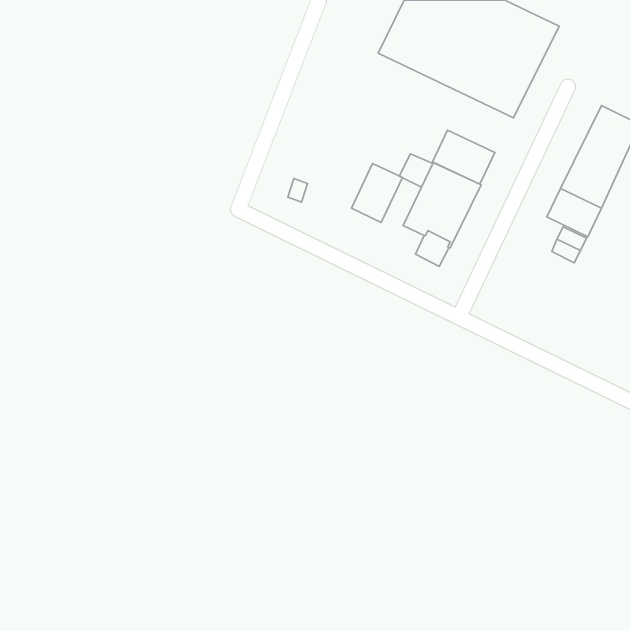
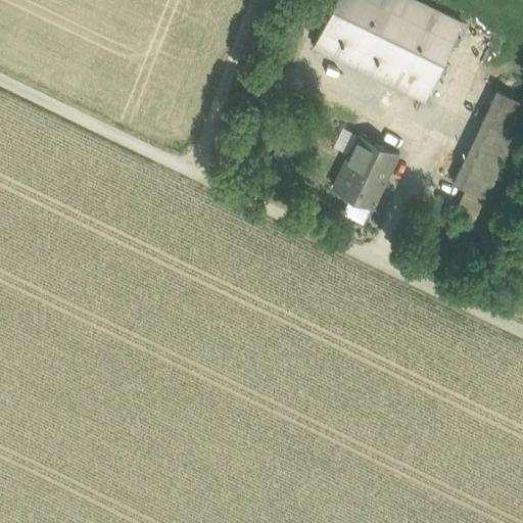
building: [432,130,495,184] -> none
building: [351,163,402,222] -> none

